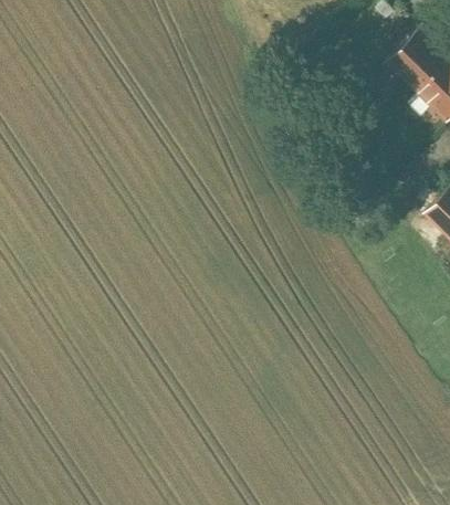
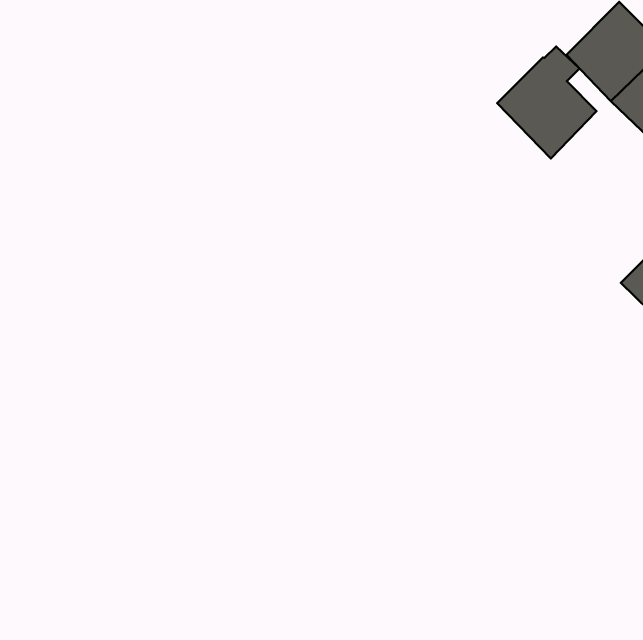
building: none -> [497,46,596,158]

